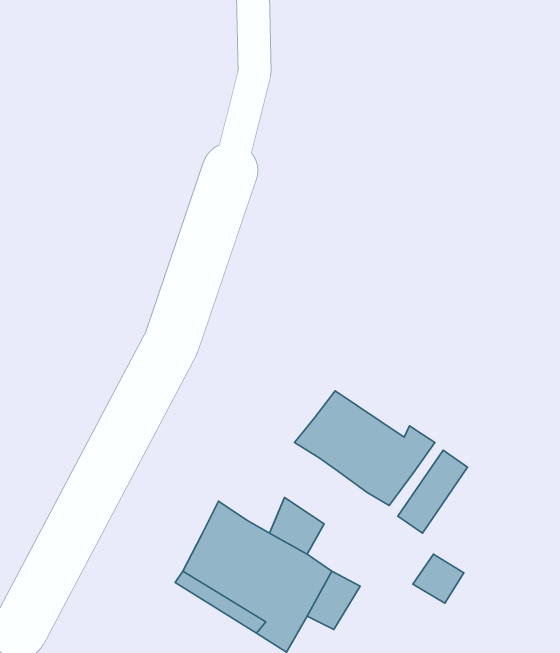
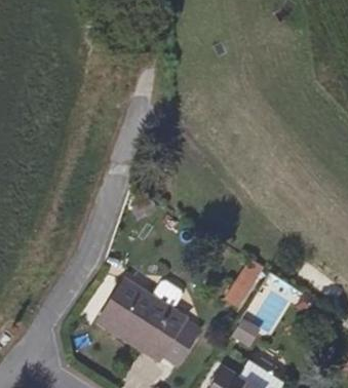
building: [294,391,435,506] -> none

